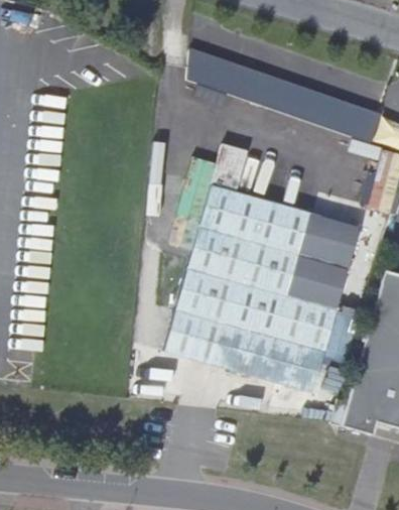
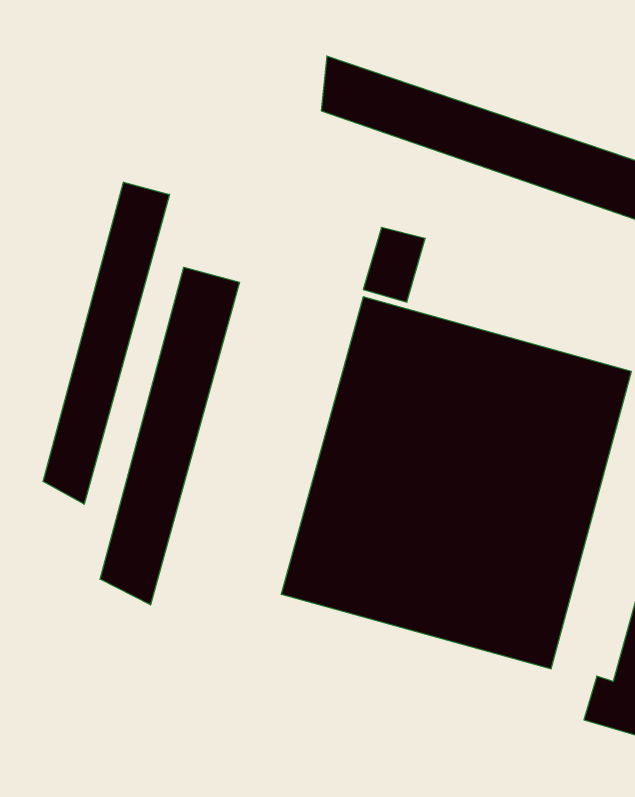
building: none -> [43,182,170,504]
building: none -> [100,267,240,605]

